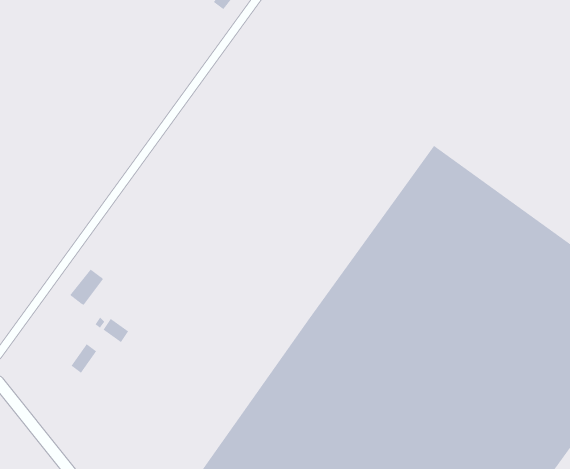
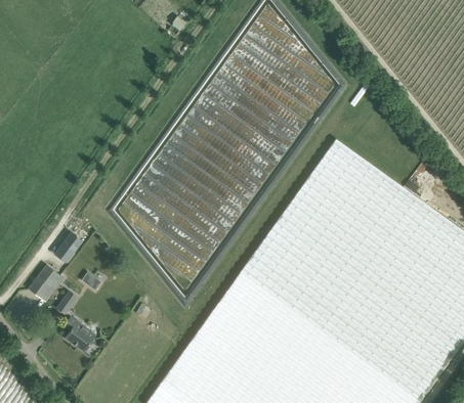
building: none -> [29,266,65,303]
building: none -> [65,318,95,352]

